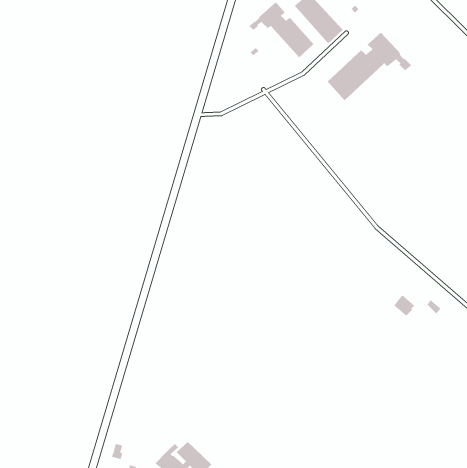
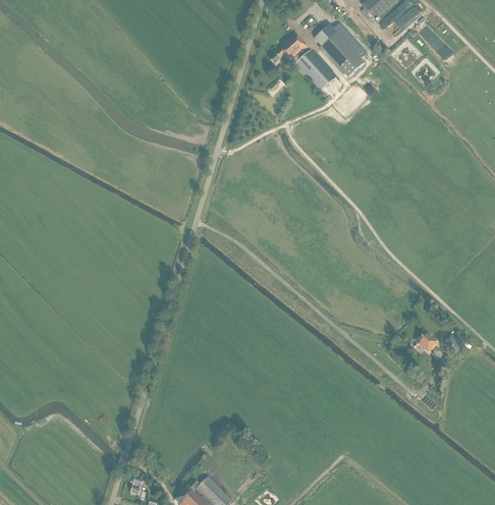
building: [327,32,412,101] -> none

